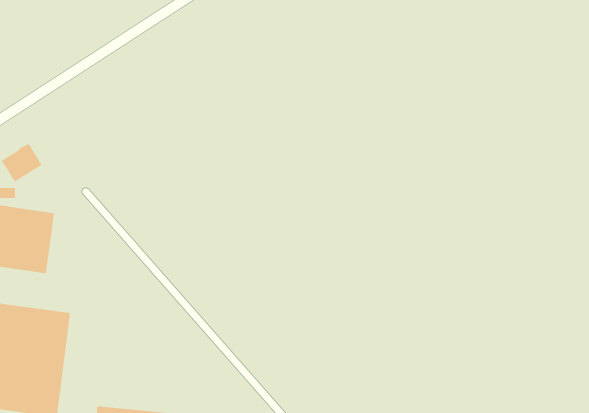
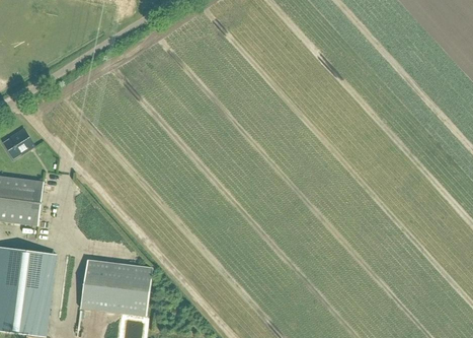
building: none -> [80,259,151,315]

